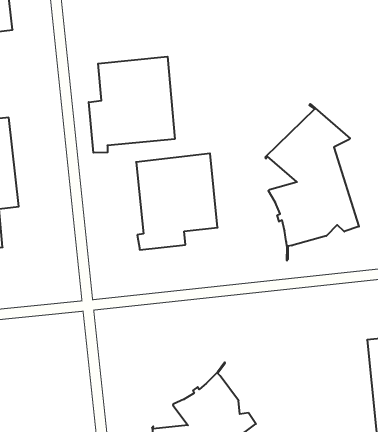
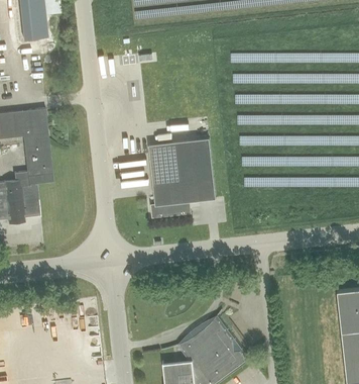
building: [89,57,175,153] -> none
building: [266,104,359,261] -> none

